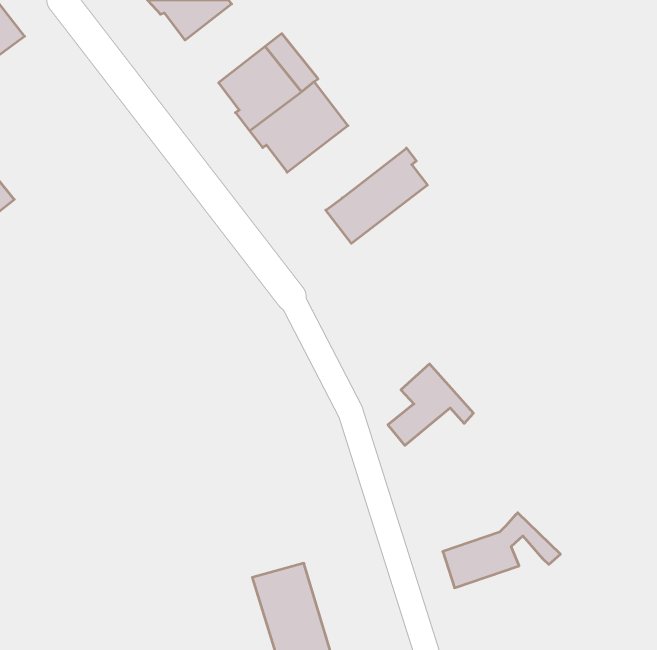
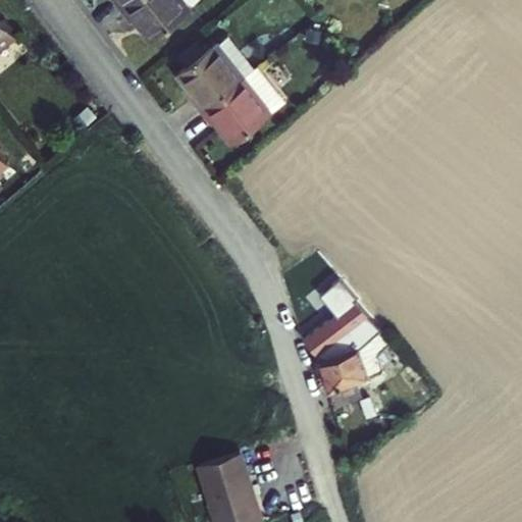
building: [326,148,427,243] -> none
building: [443,513,560,588] -> [316,332,409,392]

